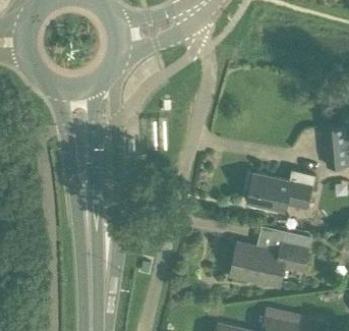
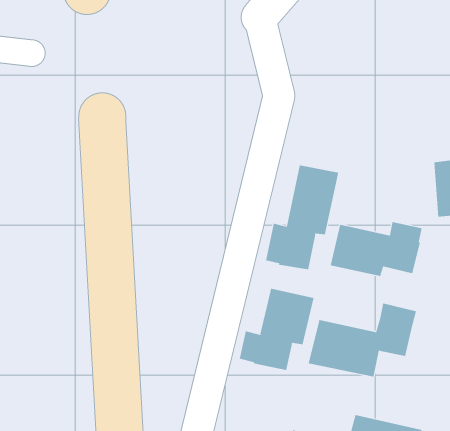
building: none -> [266,164,339,270]
building: none -> [239,288,314,371]

